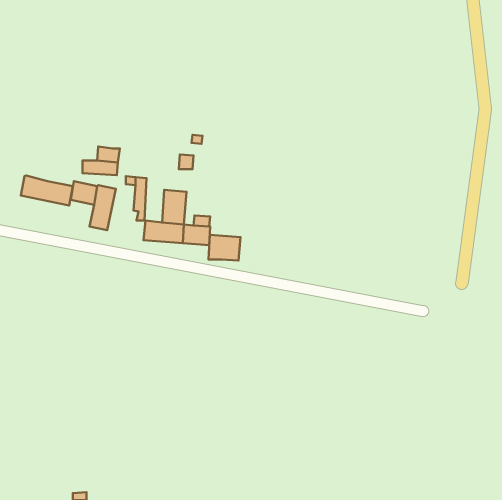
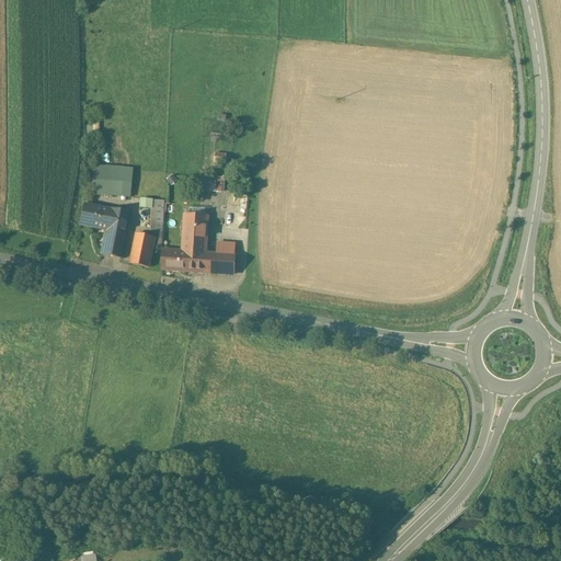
building: [21,176,73,206] -> none
building: none -> [129,231,154,265]
building: [208,235,241,260] -> none

